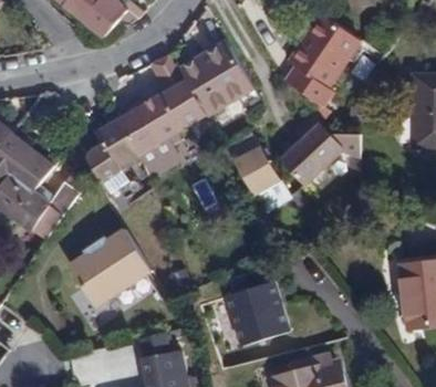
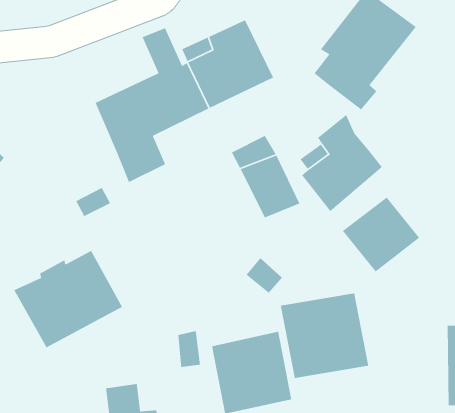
building: [86,117,138,185] -> none
building: none -> [342,196,420,272]
building: none -> [280,293,369,379]

